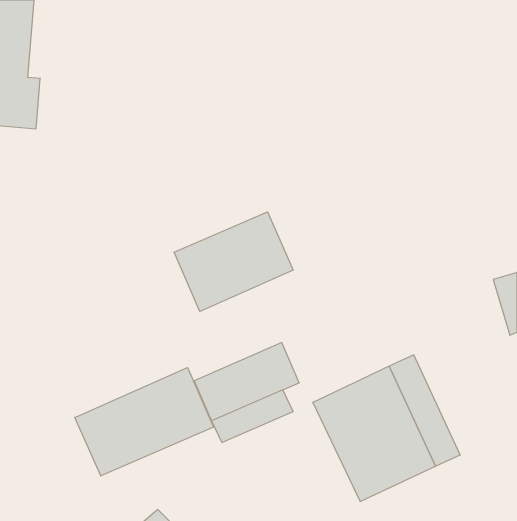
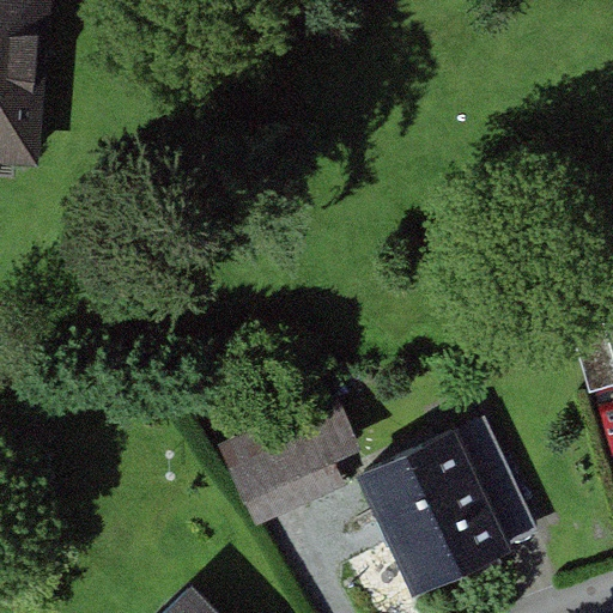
building: [174,212,293,311] -> none
building: [75,368,214,476] -> none

